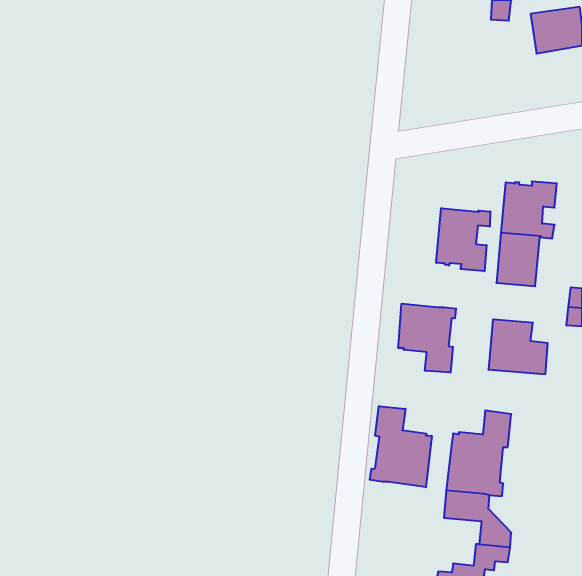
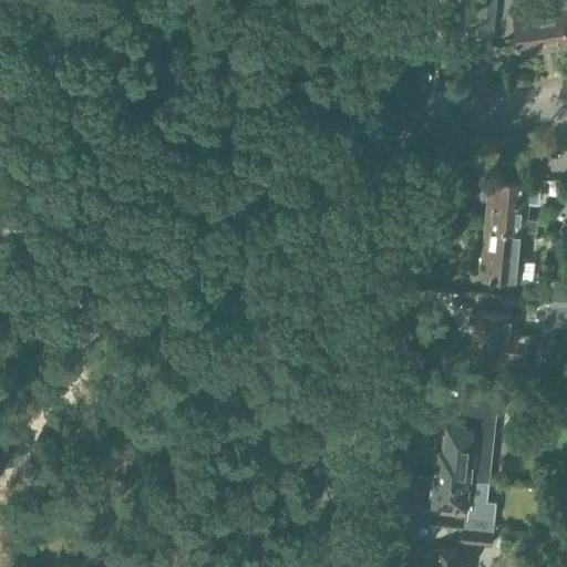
building: [436,208,490,271] -> none
building: [398,304,456,373] -> none
building: [370,406,432,487] -> none

